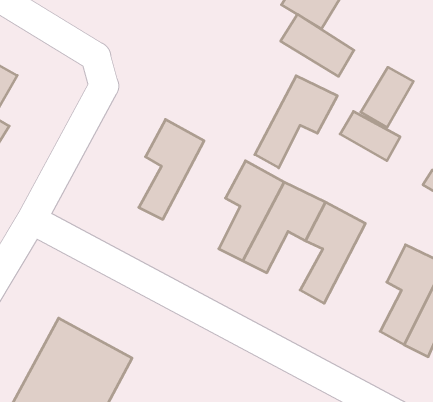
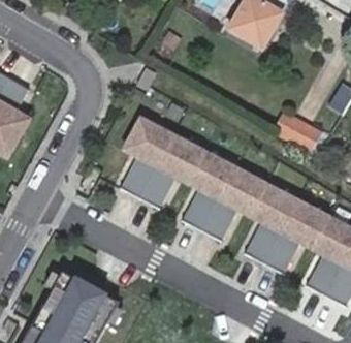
building: [281,14,354,76] -> none
building: [361,67,413,127] -> none
building: [255,76,337,168] -> [139,135,203,207]
building: none -> [264,199,327,271]

